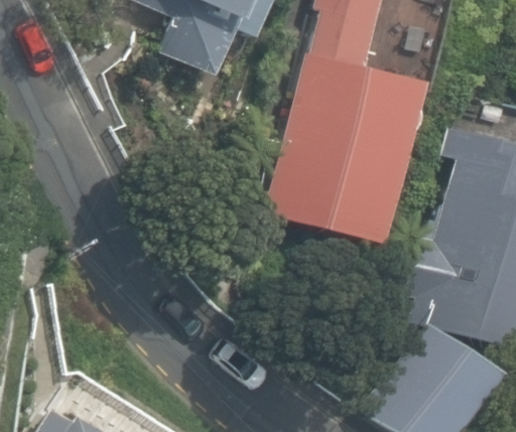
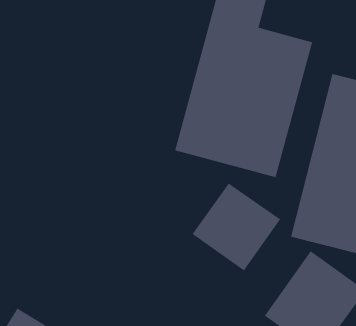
building: none -> [191,182,281,272]

